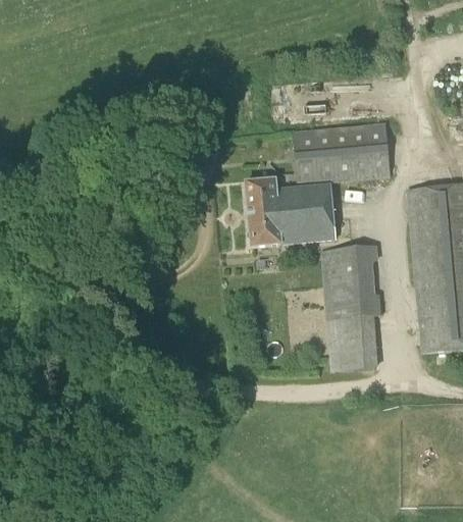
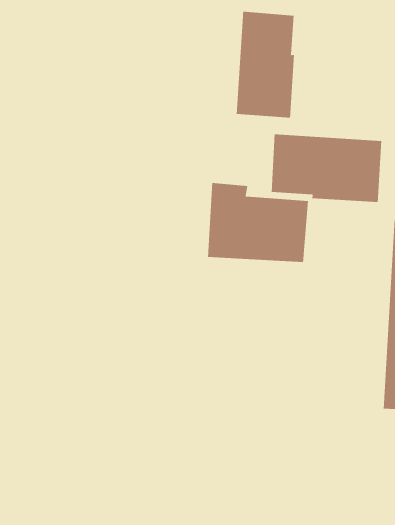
building: none -> [236,11,295,118]
building: [321,245,381,371] -> none

